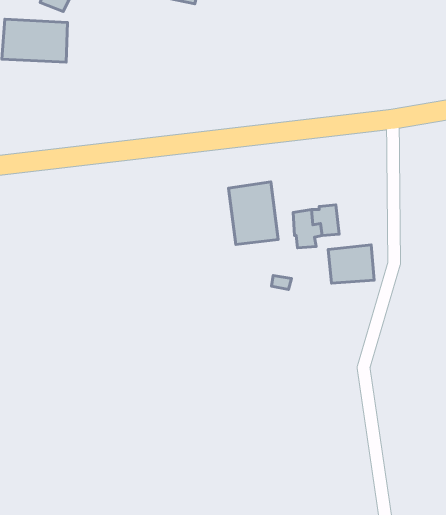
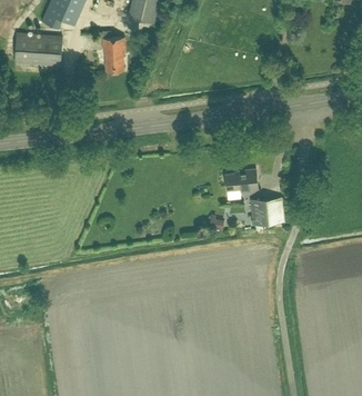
building: none -> [101,31,124,71]
building: [229,182,278,245] -> none

